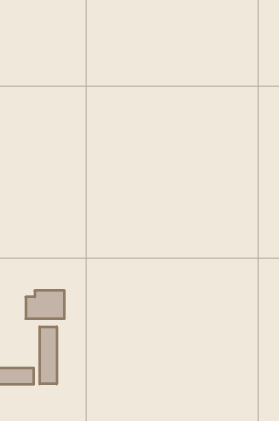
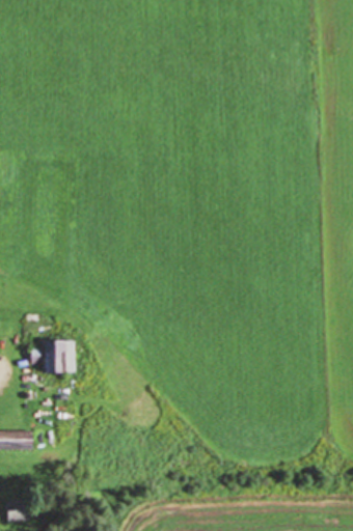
building: [40,327,57,384] -> none

